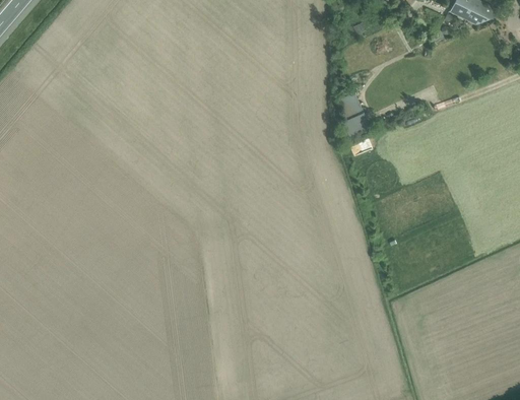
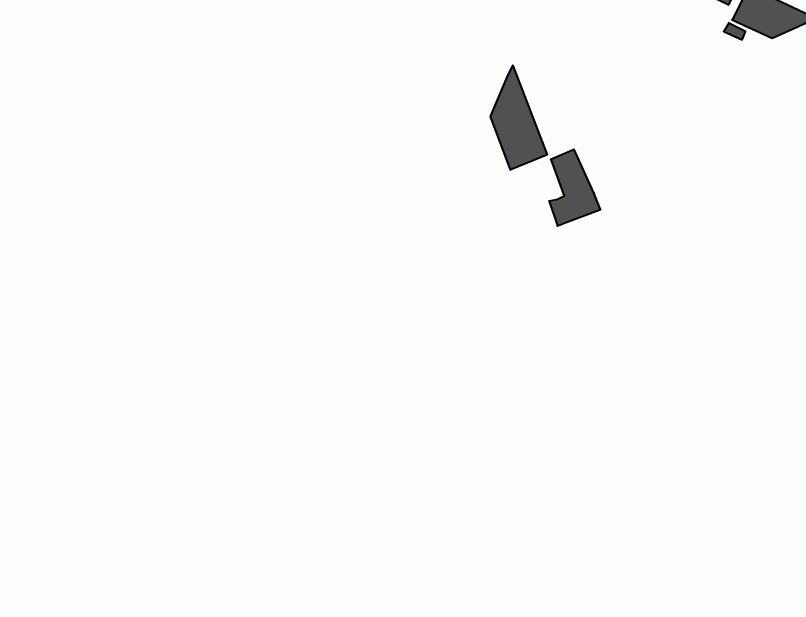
building: none -> [491,65,547,170]

